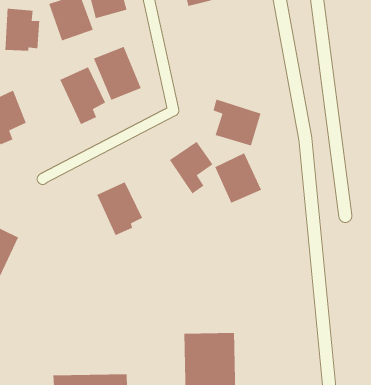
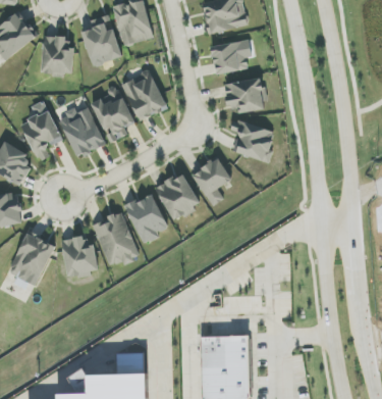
building: none -> [210,39,253,74]
building: none -> [224,79,263,112]
building: none -> [58,106,104,157]
building: [214,152,262,204] -> [156,172,200,219]
building: none -> [92,212,139,268]
building: none -> [61,236,96,277]

